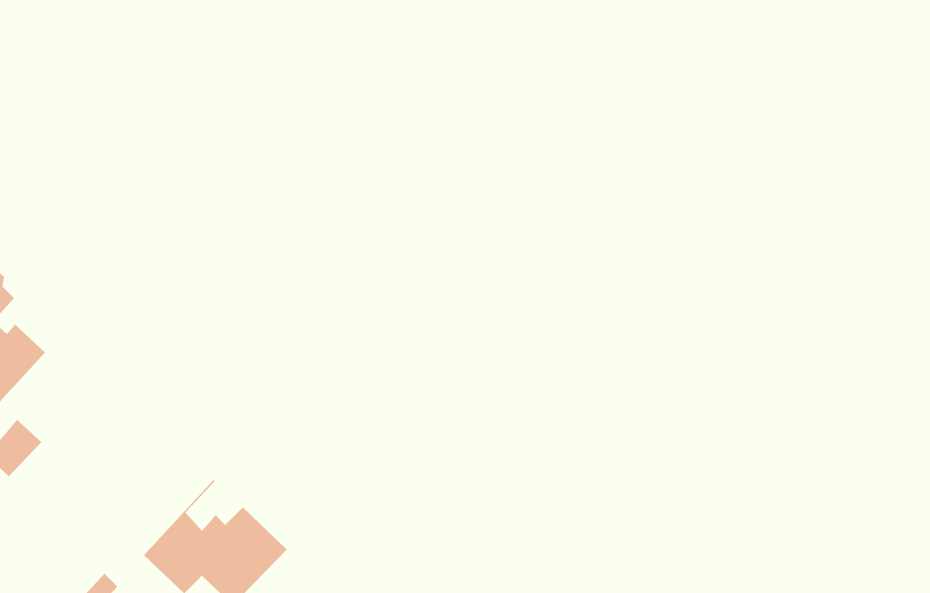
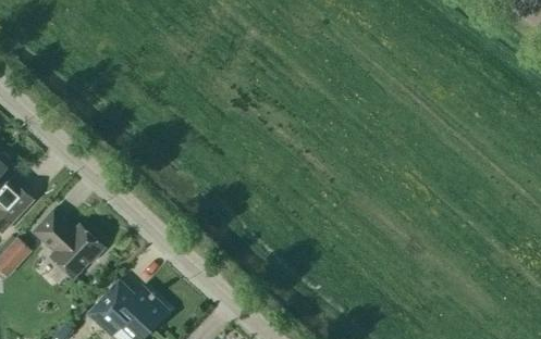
building: none -> [33,210,104,278]

